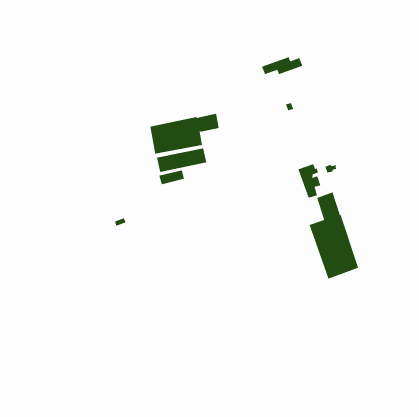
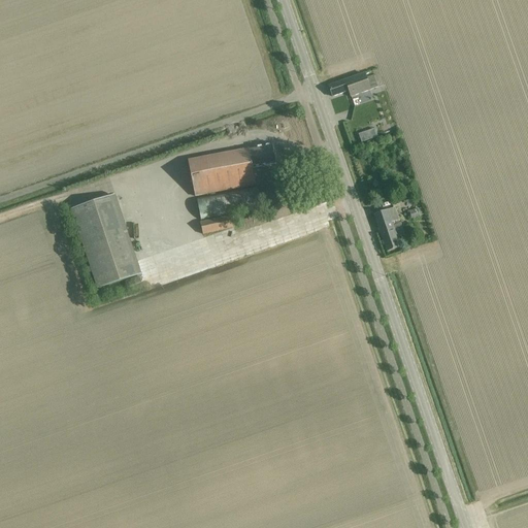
building: none -> [72,193,140,286]
building: [309,192,359,279] -> none

